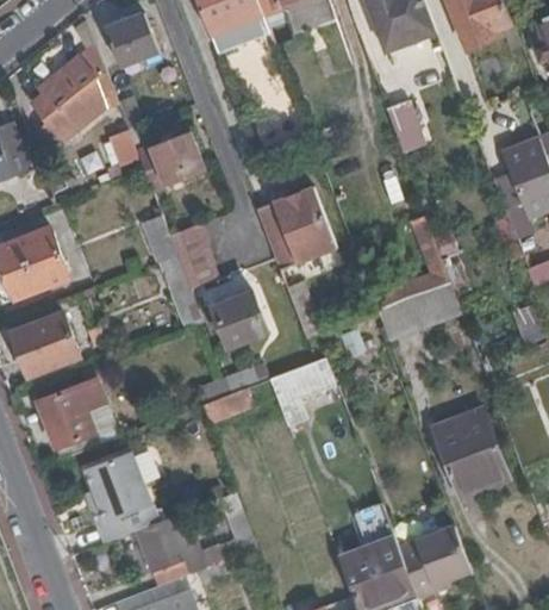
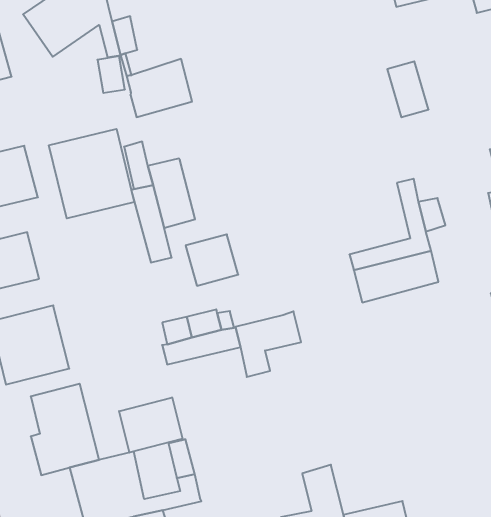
building: [255,186,336,269] -> none
building: none -> [49,129,134,218]
building: [431,409,505,492] -> none
building: none -> [119,397,183,453]

